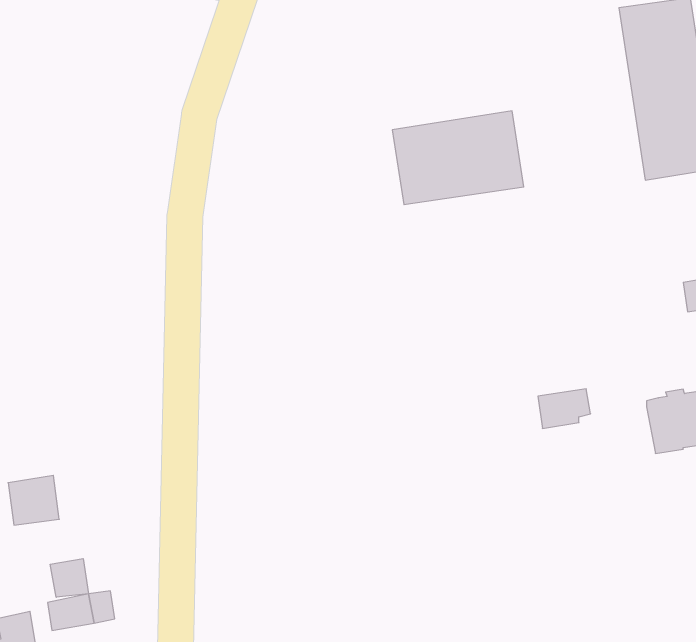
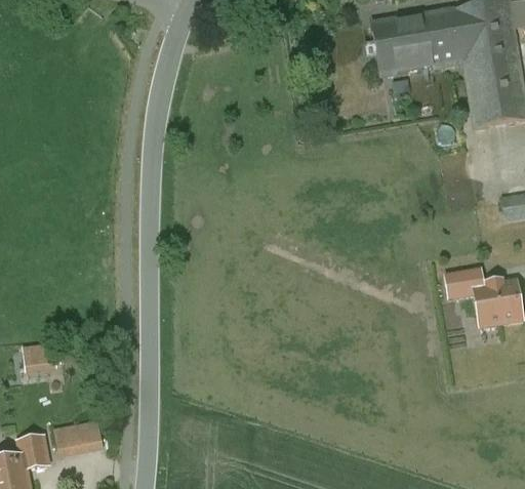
building: [392,111,524,205] -> [372,9,465,75]
building: [538,389,591,428] -> [447,266,484,293]
building: [50,559,88,597] -> none

